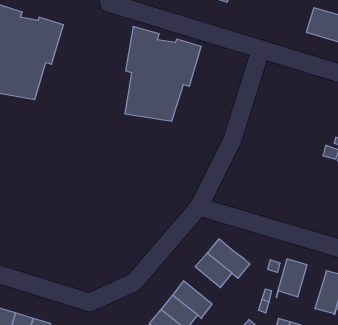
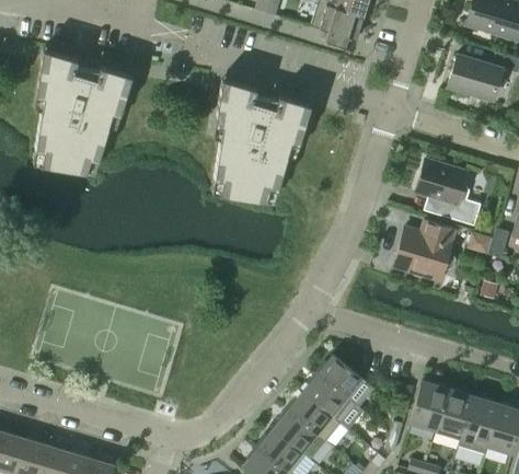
building: none -> [416,160,481,226]
building: none -> [393,220,457,280]
building: none -> [437,390,474,447]
building: none -> [288,392,349,448]

